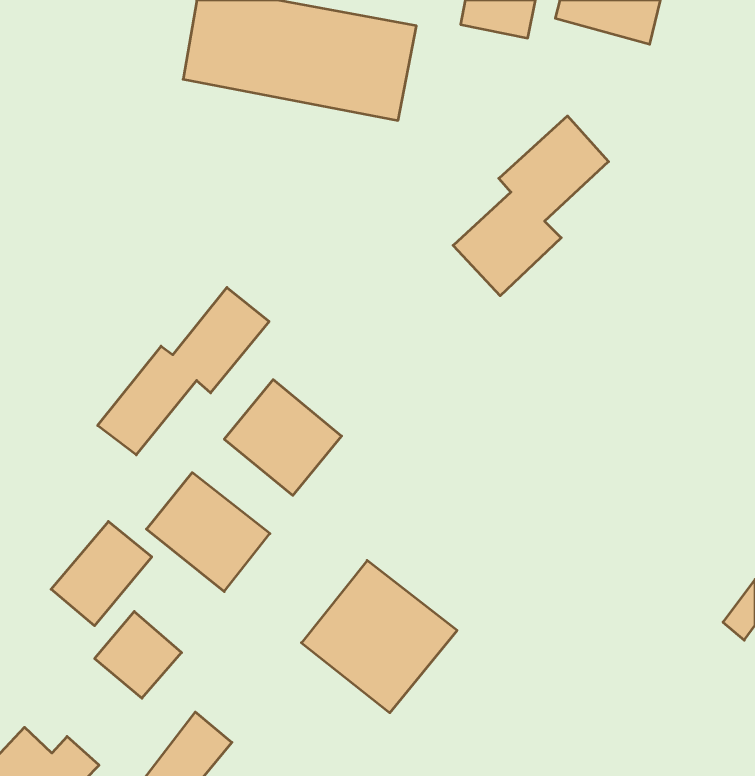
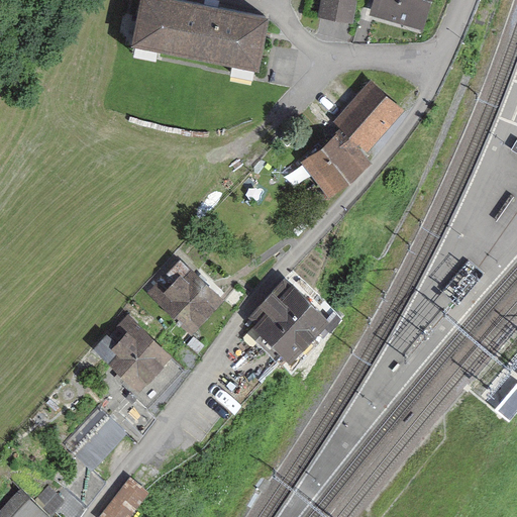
building: [98,287,269,455] -> none
building: [51,521,152,626] -> none
building: [301,560,457,713] -> [241,268,344,369]

